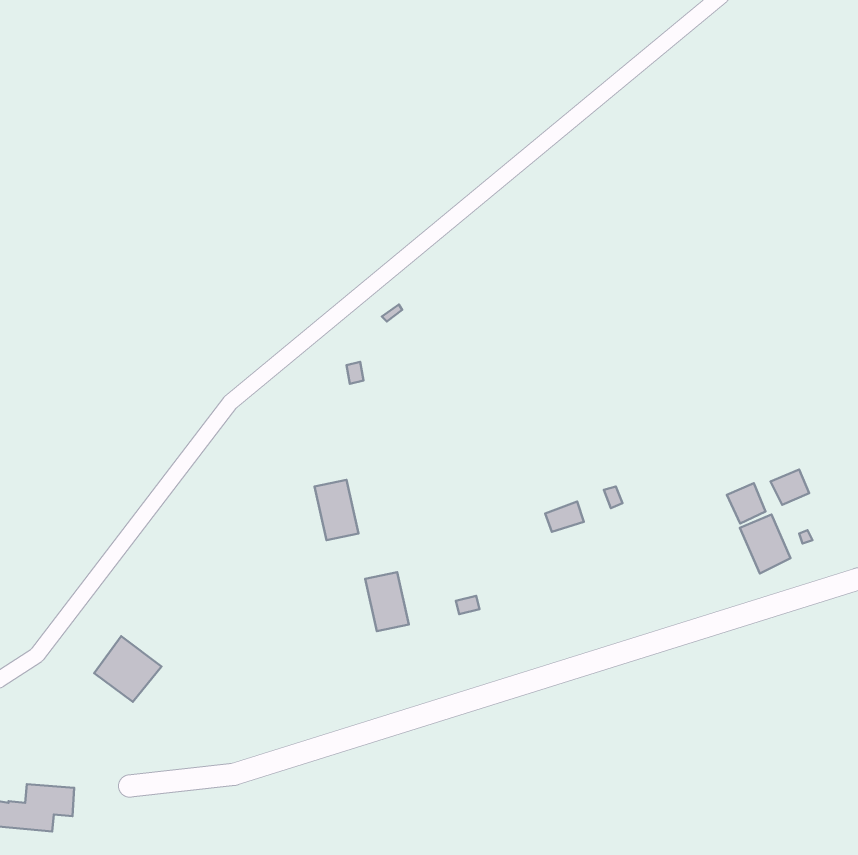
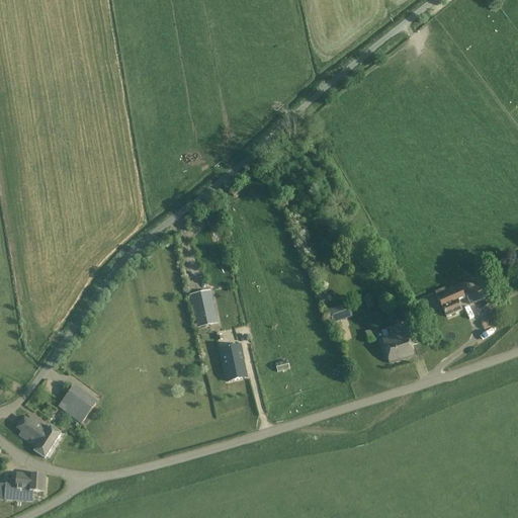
building: [740,515,790,573] -> none
building: none -> [381,329,416,361]
building: none -> [17,414,60,456]

